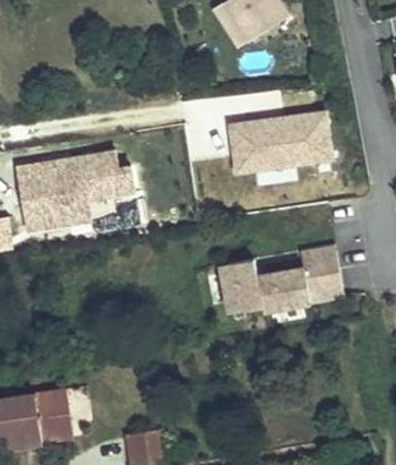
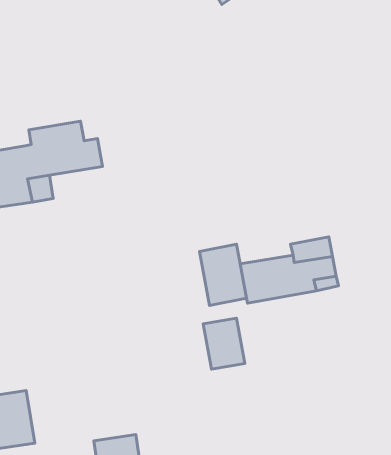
building: [229,111,332,172] -> none
building: none -> [203,318,245,369]

